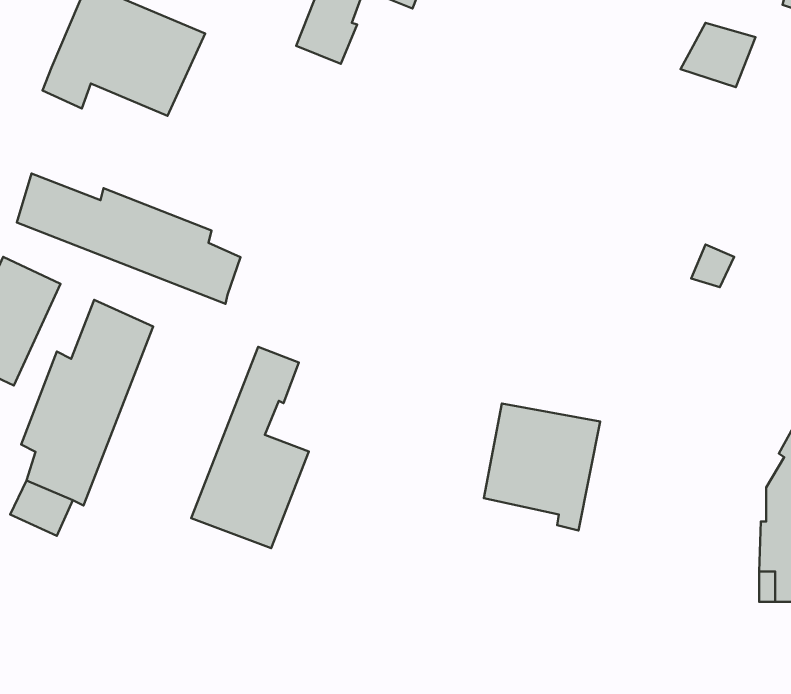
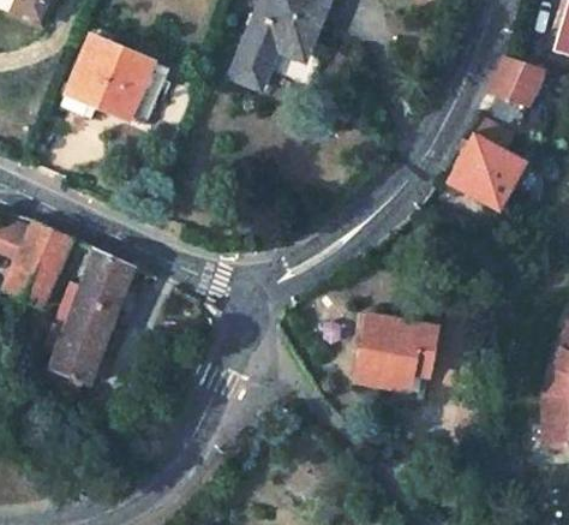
building: none -> [447,112,520,208]
building: [17,174,241,304] -> none
building: [191,347,309,548] -> none

